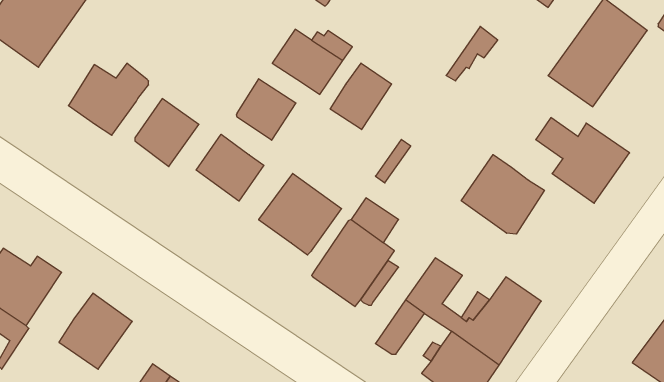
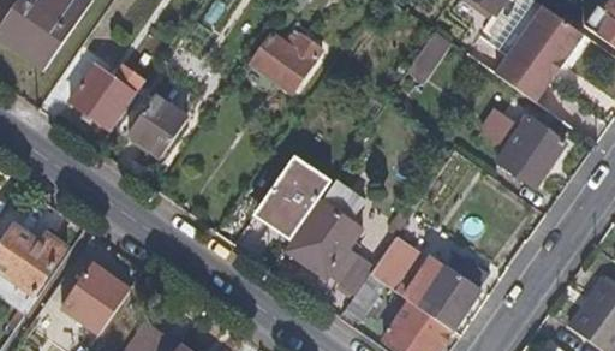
building: [330,63,392,130] -> none
building: [237,79,296,140] -> none
building: [196,134,264,201] -> none
building: [461,155,544,234] -> none

